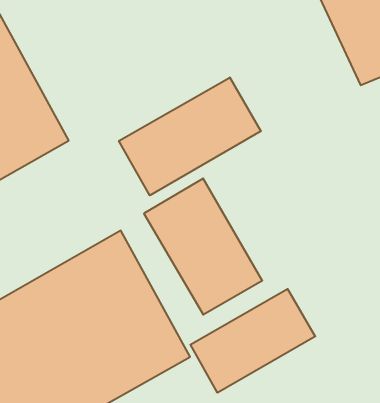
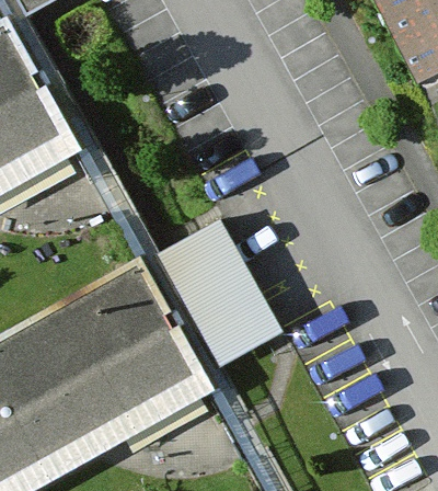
building: [119,77,261,195] -> none
building: [190,289,315,393] -> none

